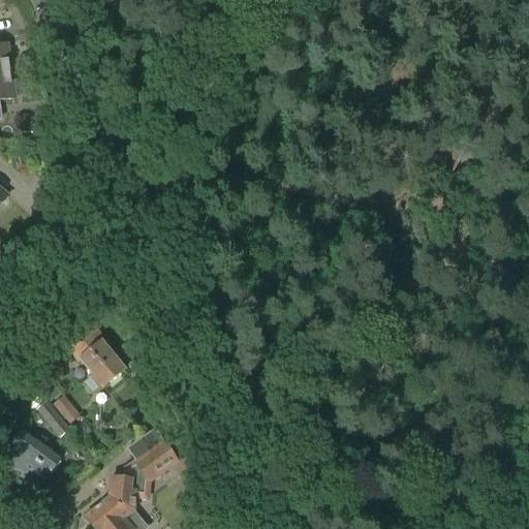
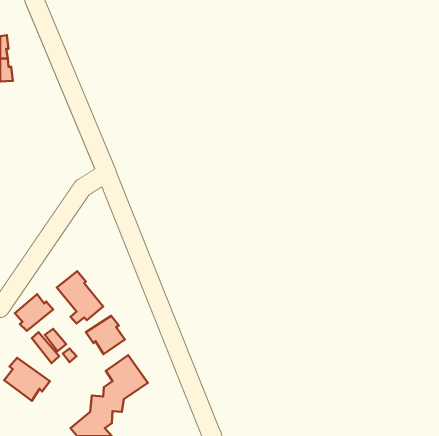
building: none -> [15,294,53,331]
building: none -> [86,316,125,354]

